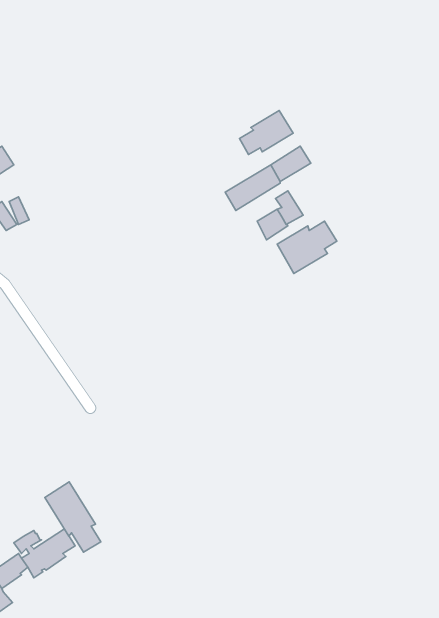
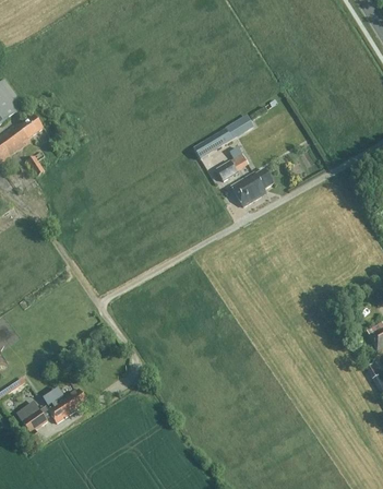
building: [239,111,293,155] -> none
building: [45,482,101,552] -> none

